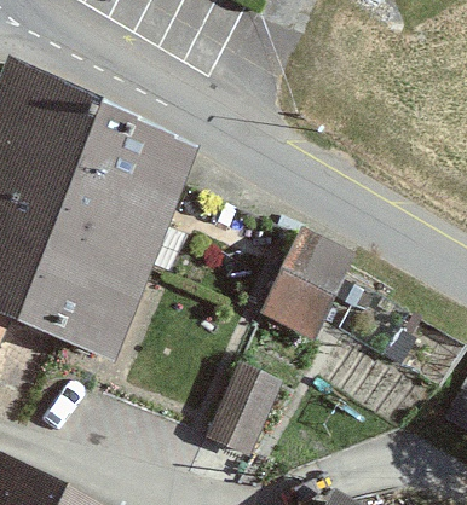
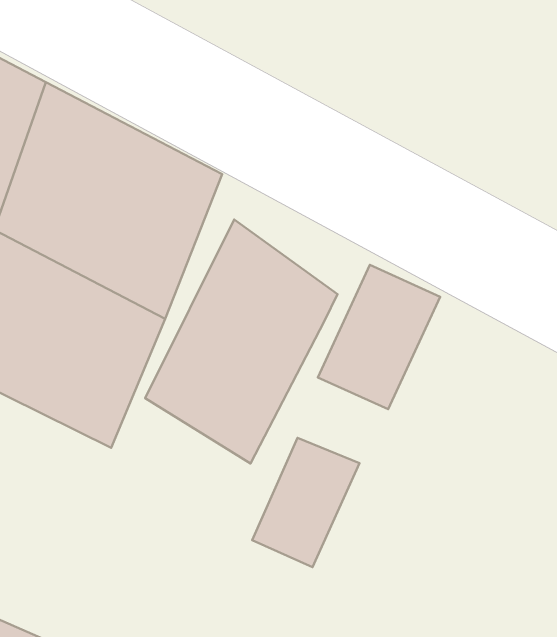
building: none -> [145,219,338,464]

